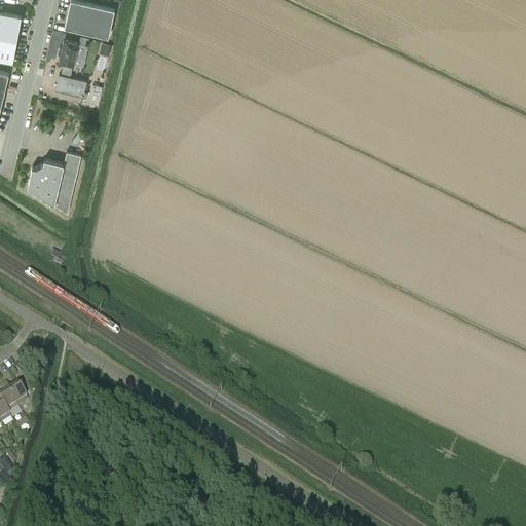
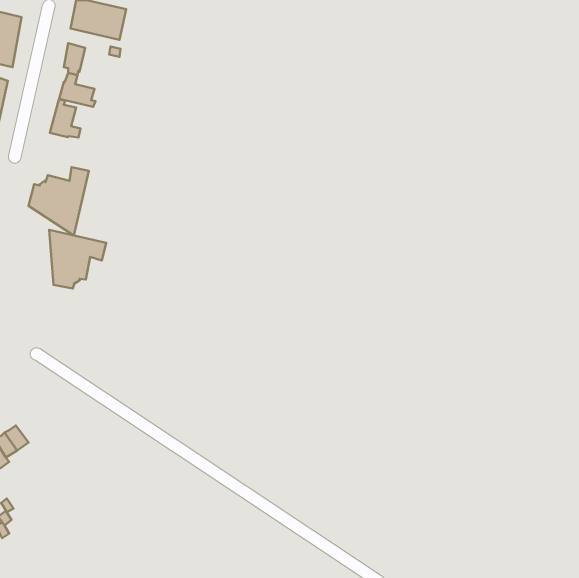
building: none -> [50,100,81,138]
building: none -> [49,230,106,288]

